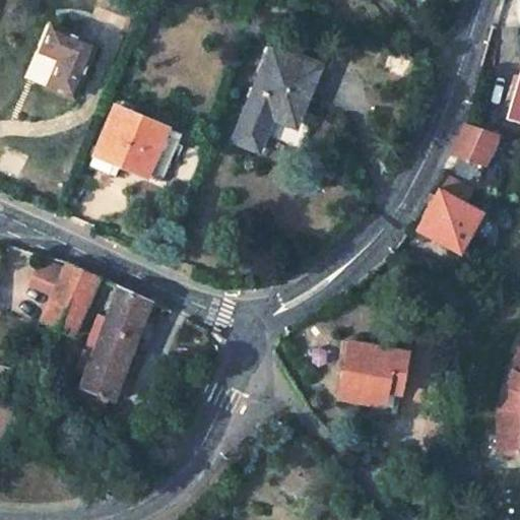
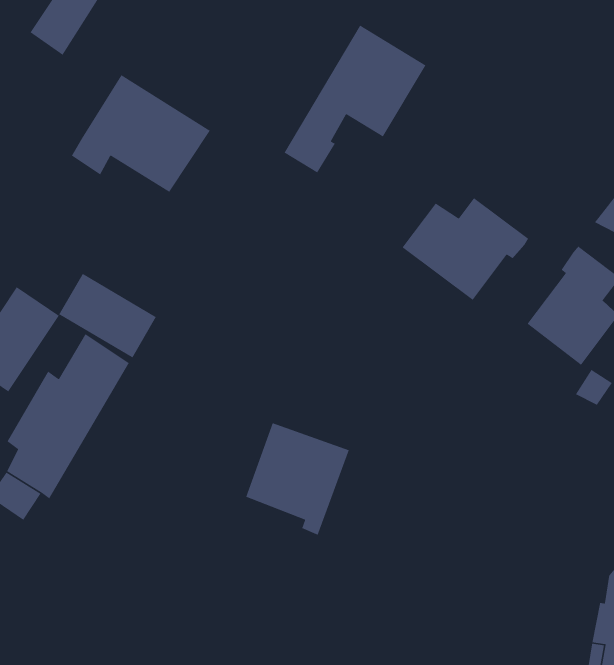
building: none -> [402,197,529,301]
building: none -> [58,273,157,359]
building: [339,343,405,415] -> [245,422,350,536]

